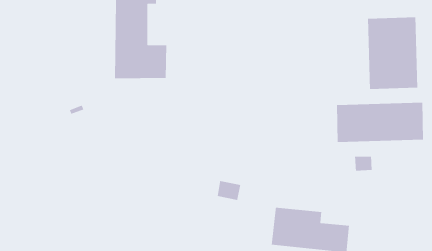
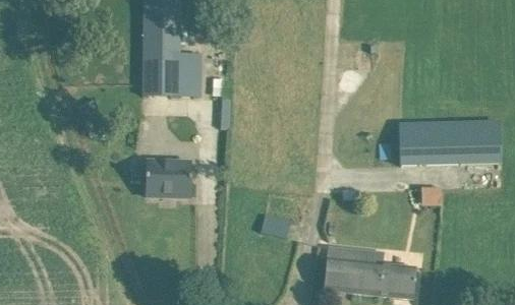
building: [367,16,418,90] -> none
building: none -> [146,159,191,197]

